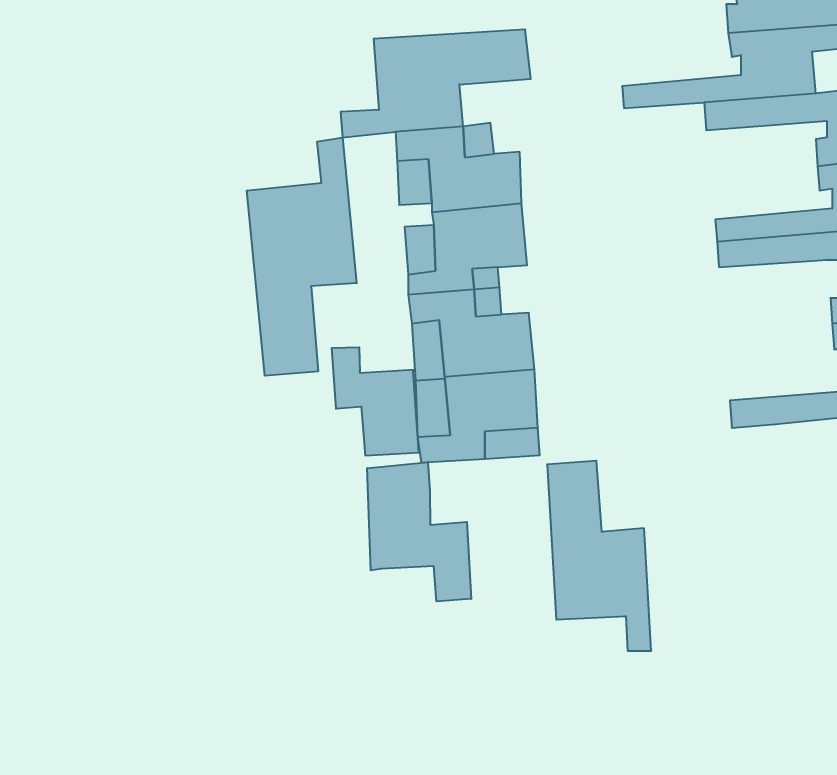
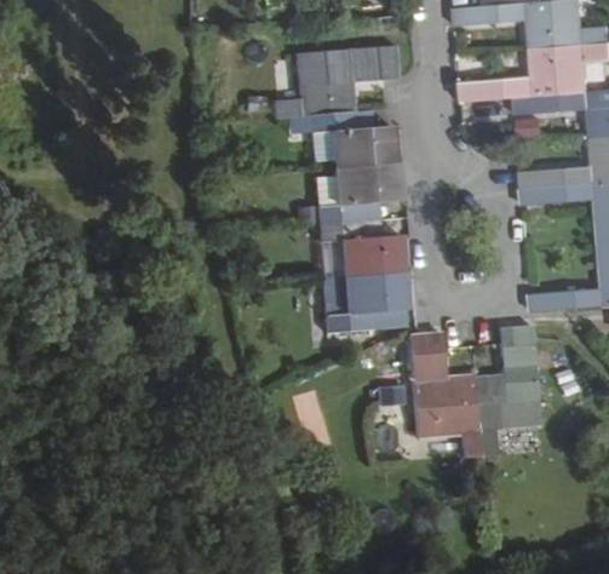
building: [247,137,357,376] -> none
building: [332,347,418,456] -> none
building: none -> [475,325,541,458]
building: [367,462,471,601] -> none

